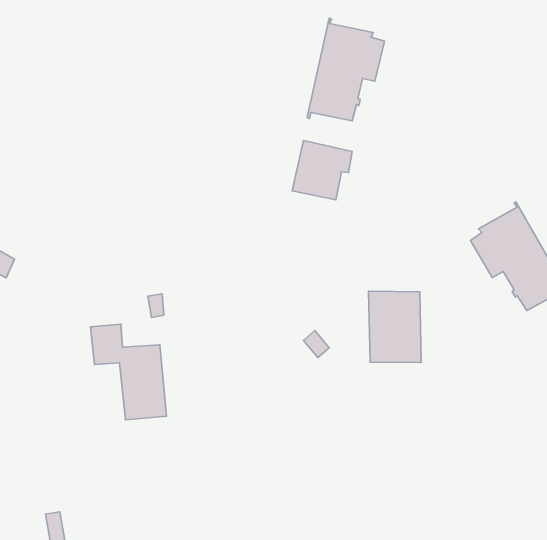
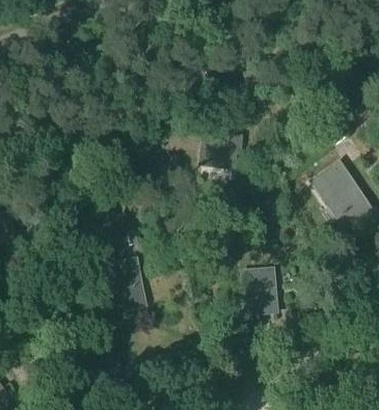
building: [307,18,384,121] -> none
building: [369,291,421,363] -> [243,270,277,313]

